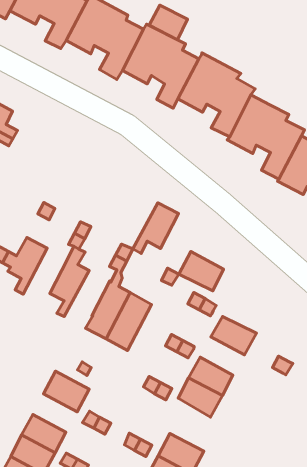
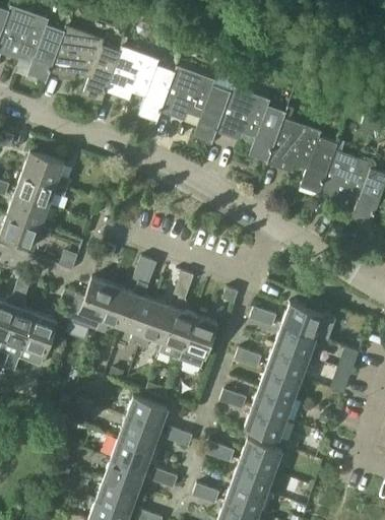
building: [149,5,188,40] -> none
building: [133,203,178,253] -> [137,300,175,348]
building: none -> [97,284,133,333]
building: [179,251,223,291] -> [283,303,324,336]
building: none -> [268,345,309,378]
building: none -> [121,419,162,452]
building: none -> [245,406,285,441]

